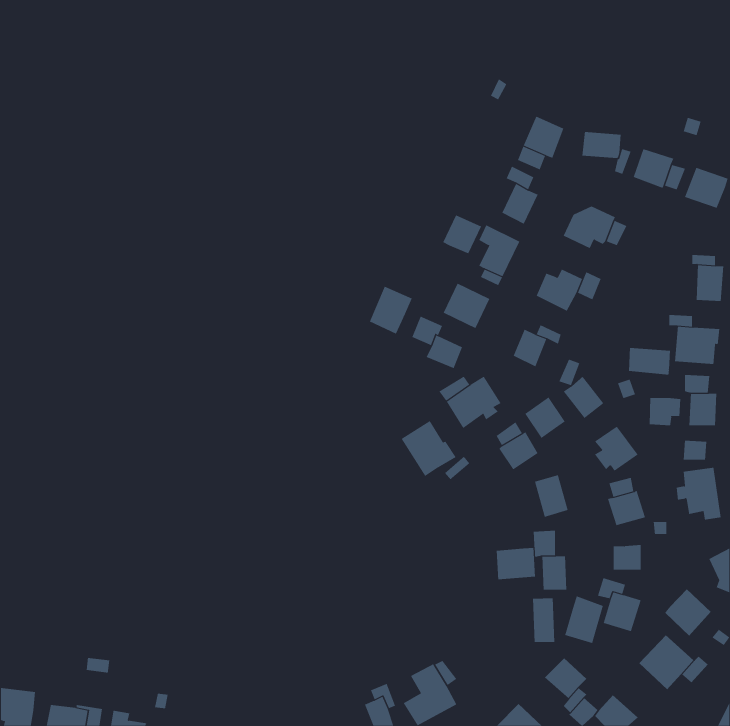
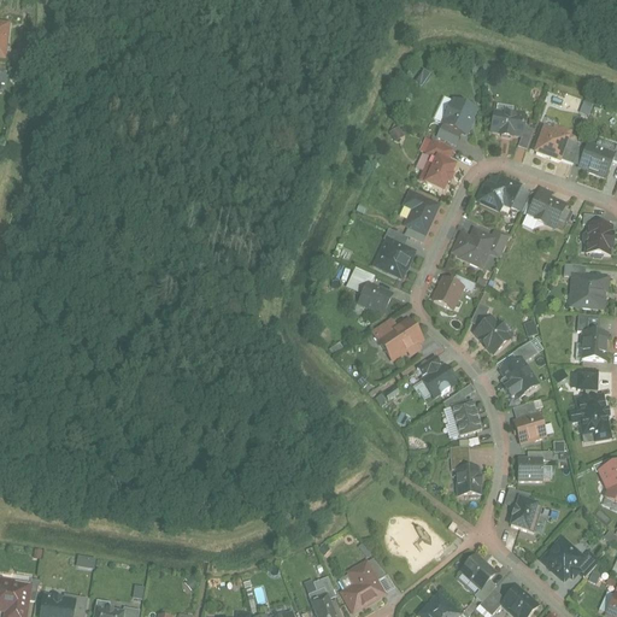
building: [442,215,482,254] -> none
building: none -> [527,189,564,225]
building: [369,286,413,334] -> none
building: [628,347,671,375] -> none
building: [525,396,565,439] -> none
building: [649,397,681,426] -> none
building: [401,420,456,477] -> none
building: [496,547,535,580] -> none
building: [665,589,712,636] -> none
building: [564,596,603,644] -> none
building: [532,598,555,643] -> none

